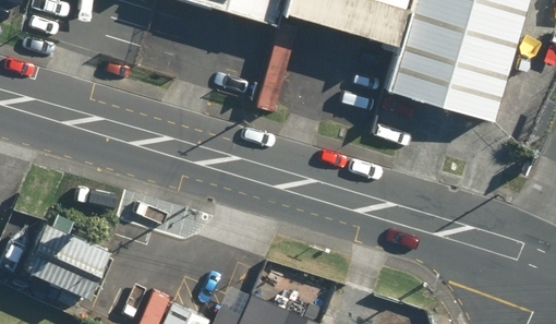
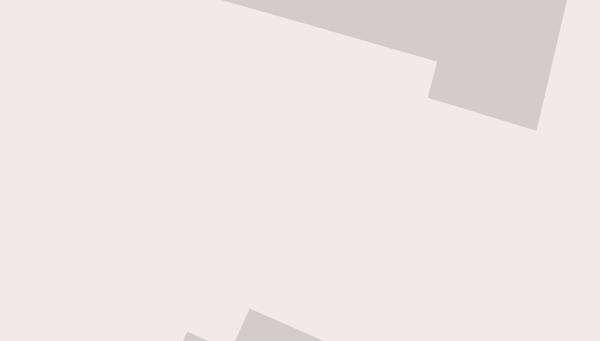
building: [28,211,113,300] -> none

